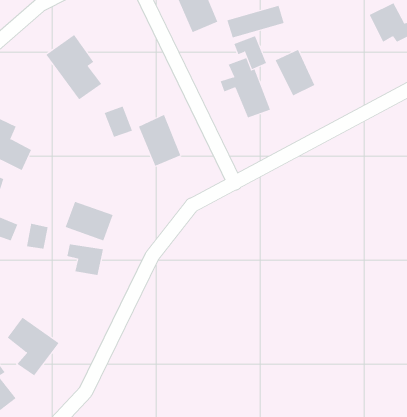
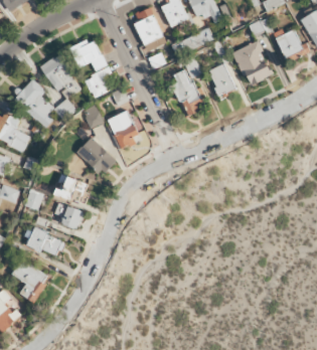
building: none -> [70,37,111,99]
building: none -> [233,40,273,86]
building: none -> [14,79,54,127]
building: none -> [76,137,116,175]
building: none -> [27,228,64,257]

